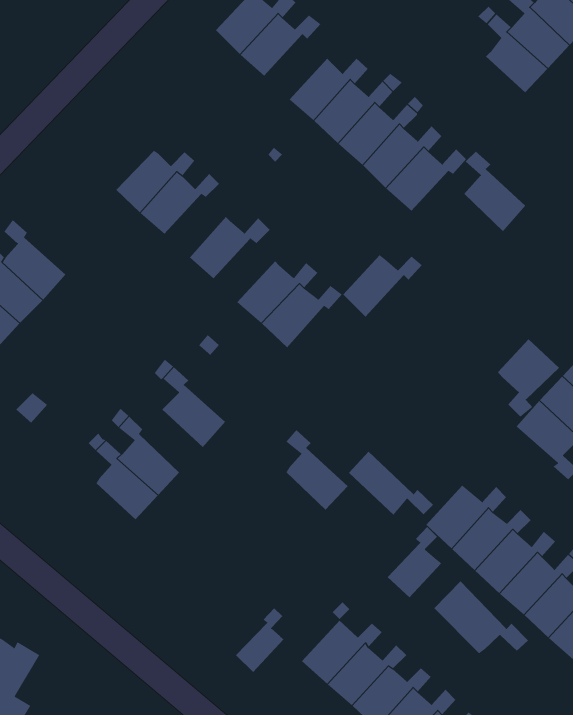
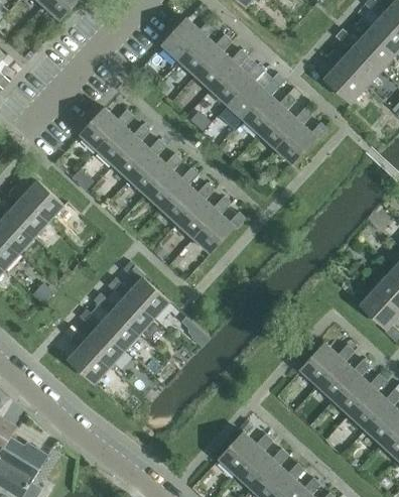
building: none -> [194,48,247,91]
building: none -> [80,108,133,150]
building: [463,151,526,232] -> [324,50,366,104]
building: none -> [129,153,181,195]
building: [343,254,422,317] -> [161,182,214,224]
building: [497,338,560,417] -> none
building: [285,429,348,511] -> [113,282,154,336]
building: [348,451,434,515] -> none
building: none -> [68,331,110,384]
building: [387,526,442,598] -> none
building: [433,581,529,654] -> none
building: [235,607,284,673] -> none

